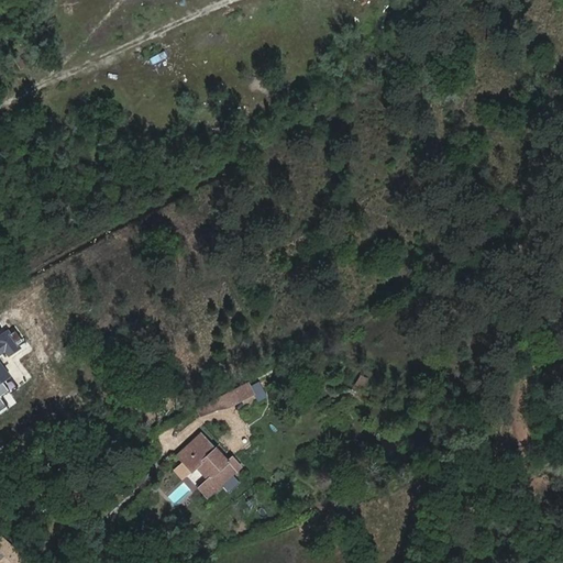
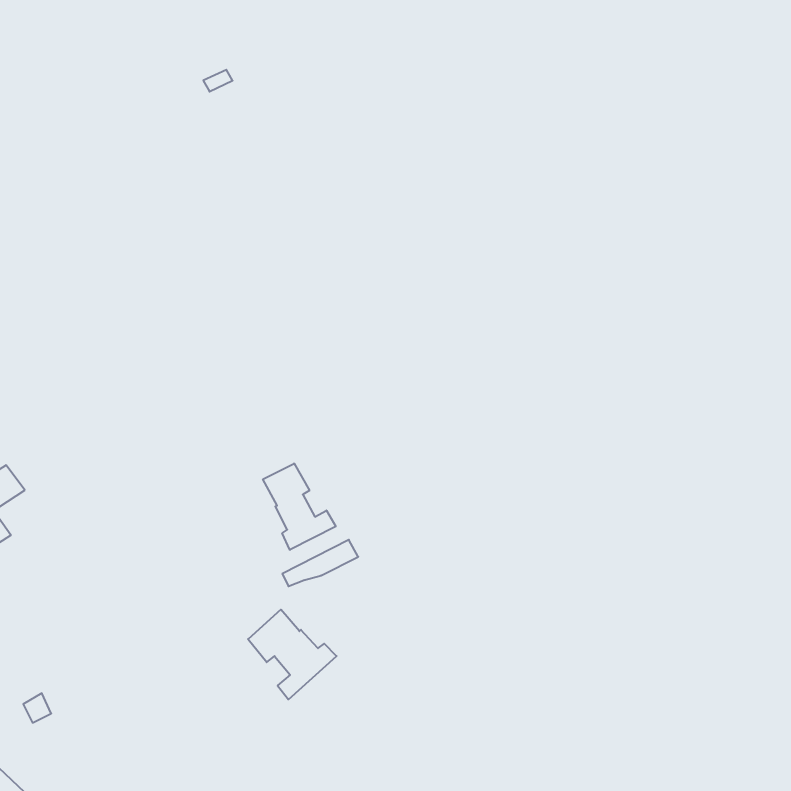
building: none -> [263,463,336,550]

